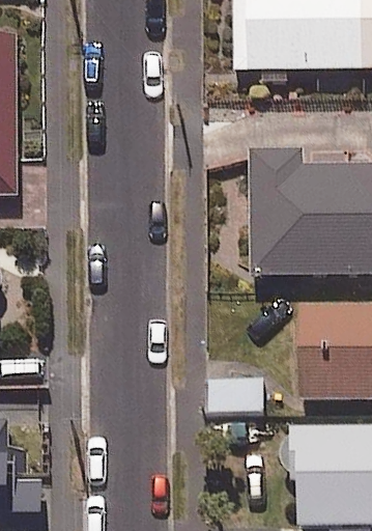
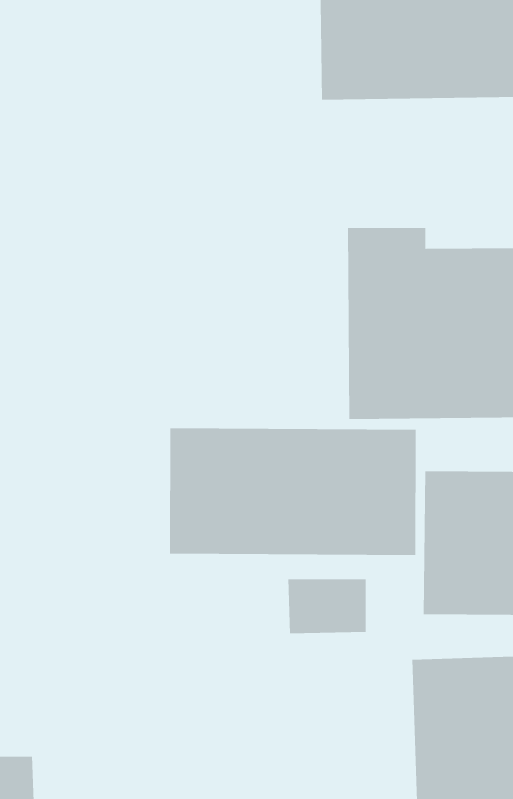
building: none -> [170,427,416,556]

